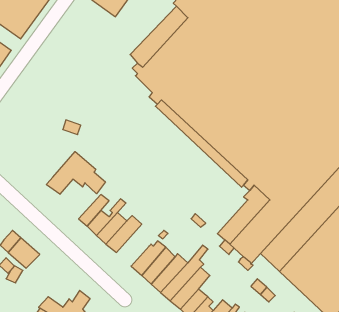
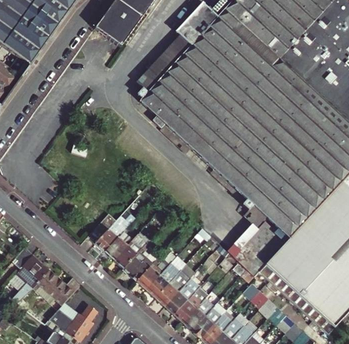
building: [46,152,105,194] -> none
building: none -> [122,241,153,281]
building: none -> [36,270,80,305]

